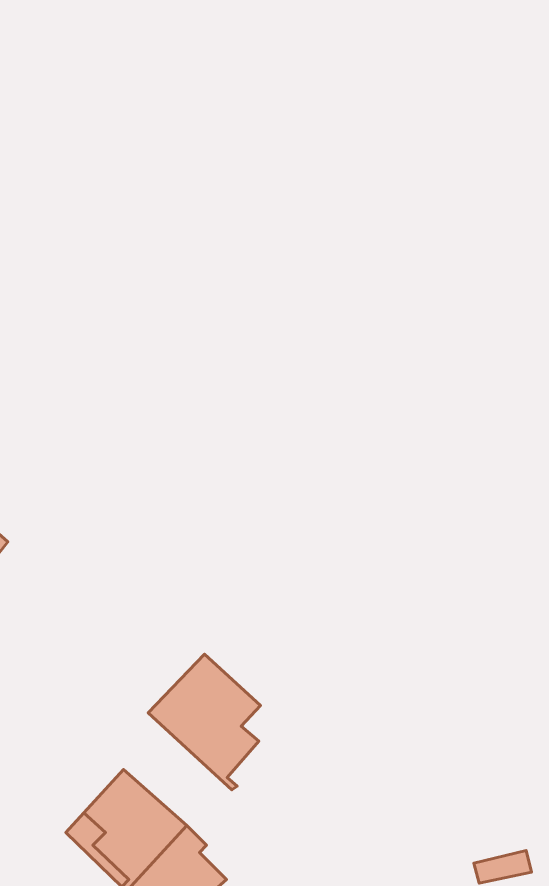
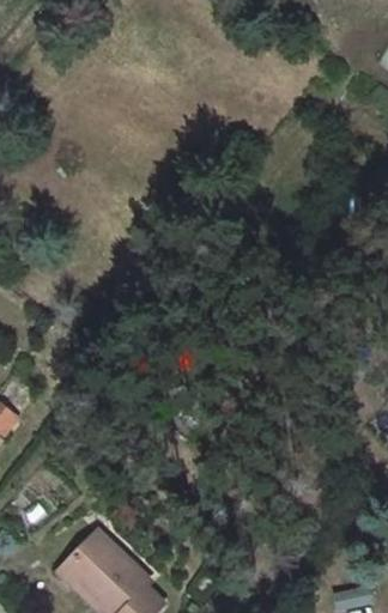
building: [148,654,260,790] -> none

